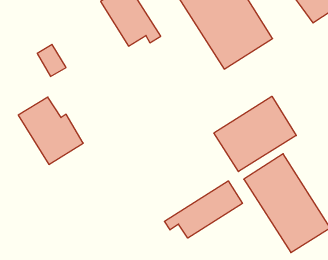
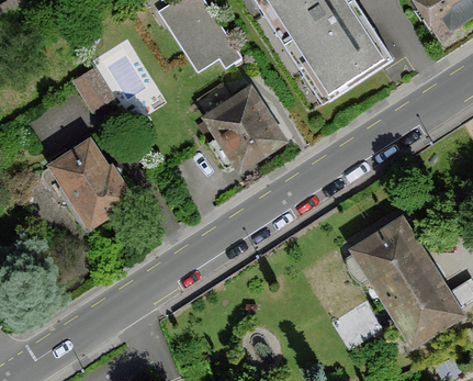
building: none -> [202,83,286,171]
building: [214,96,296,172] -> none
building: [164,181,242,238] -> none

